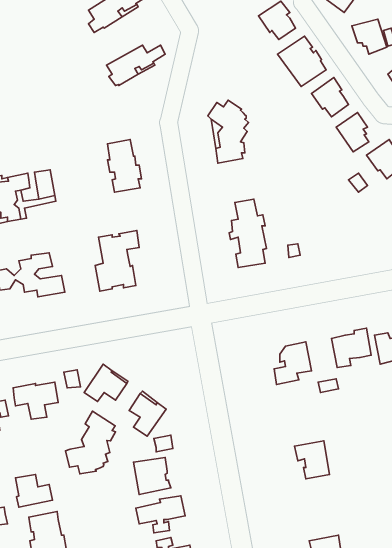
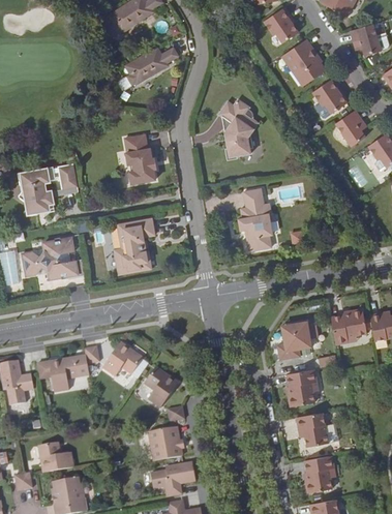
building: none -> [288,369,318,406]
building: [66,411,115,474] -> none
building: none -> [305,455,334,492]

